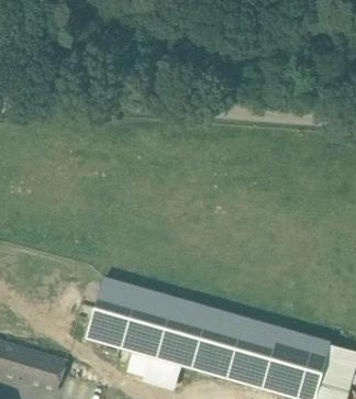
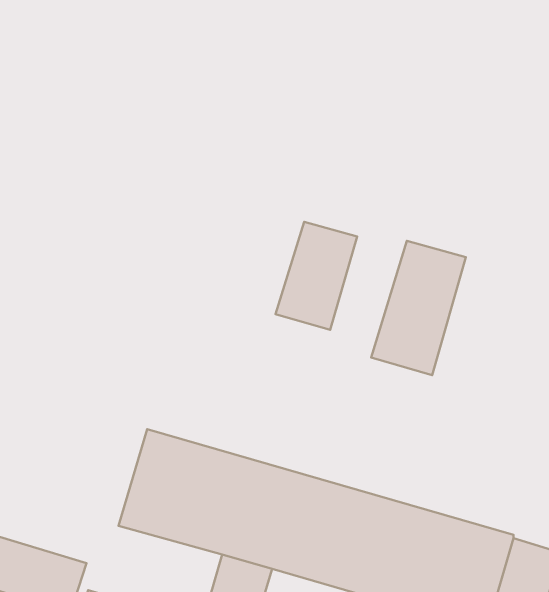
building: none -> [276,222,357,330]
building: none -> [371,241,466,375]

